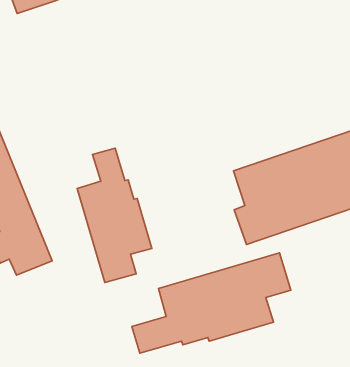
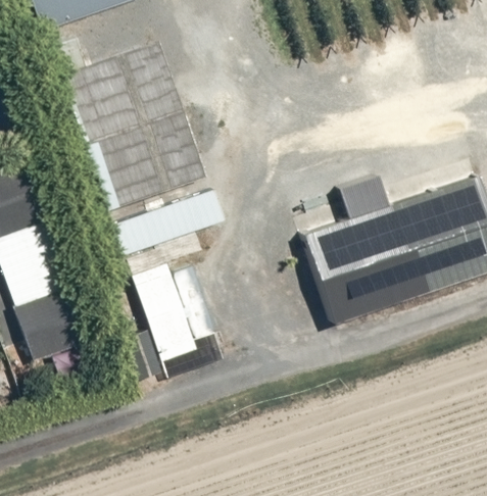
building: none -> [60,42,205,213]
building: [132,253,291,353] -> none

